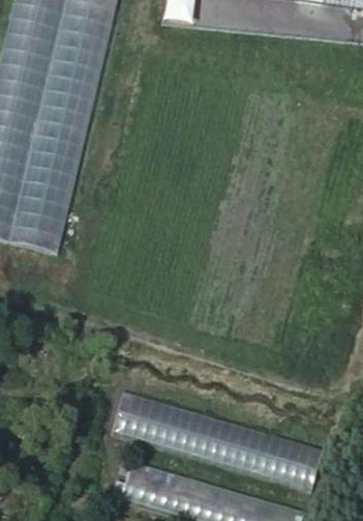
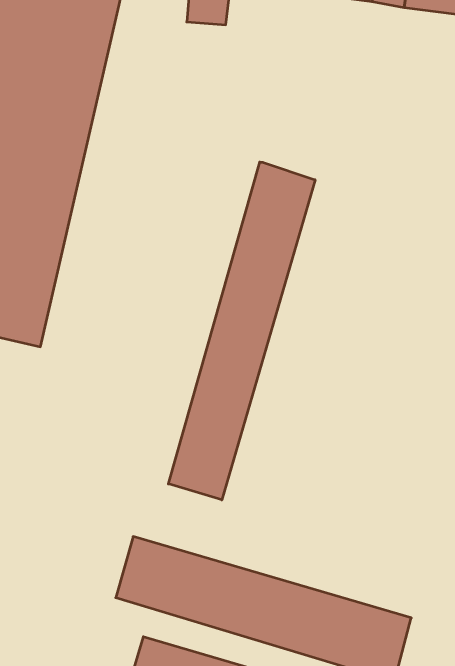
building: none -> [168,162,315,500]

